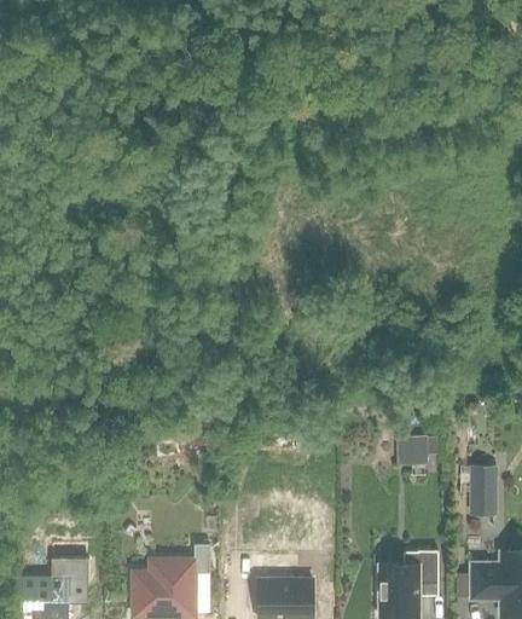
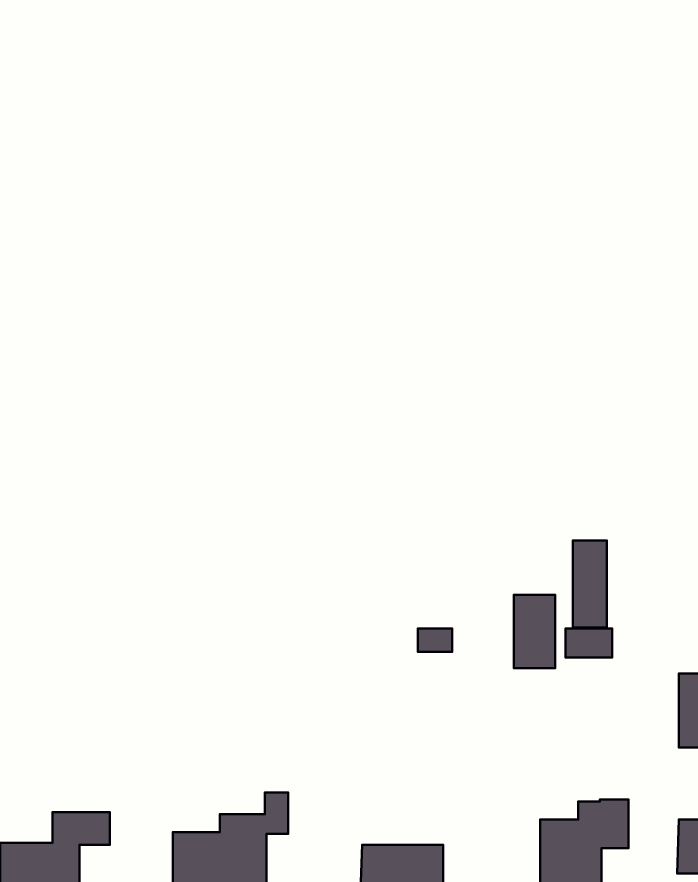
building: none -> [573,541,607,627]
building: none -> [514,595,555,668]

